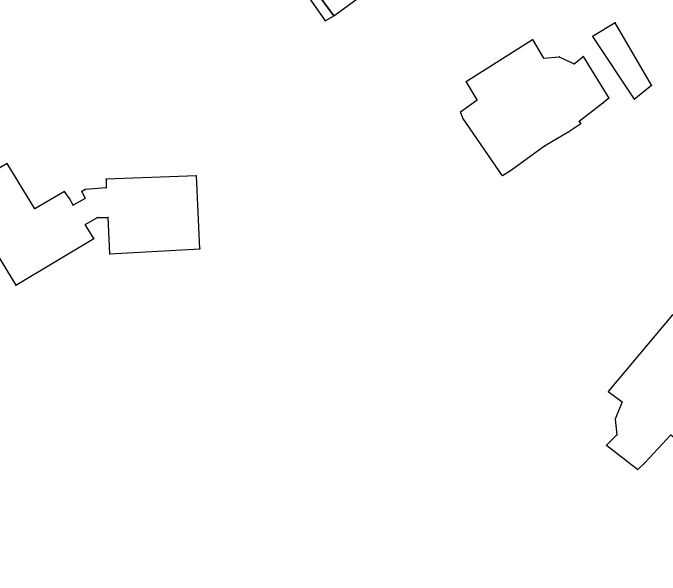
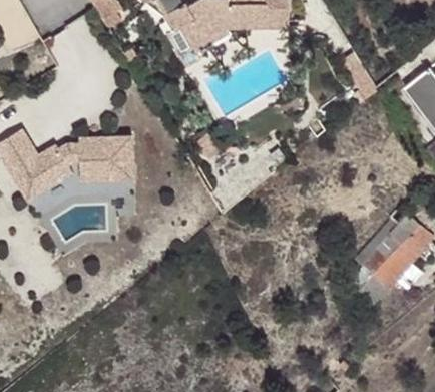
building: [461,40,609,176] -> none

